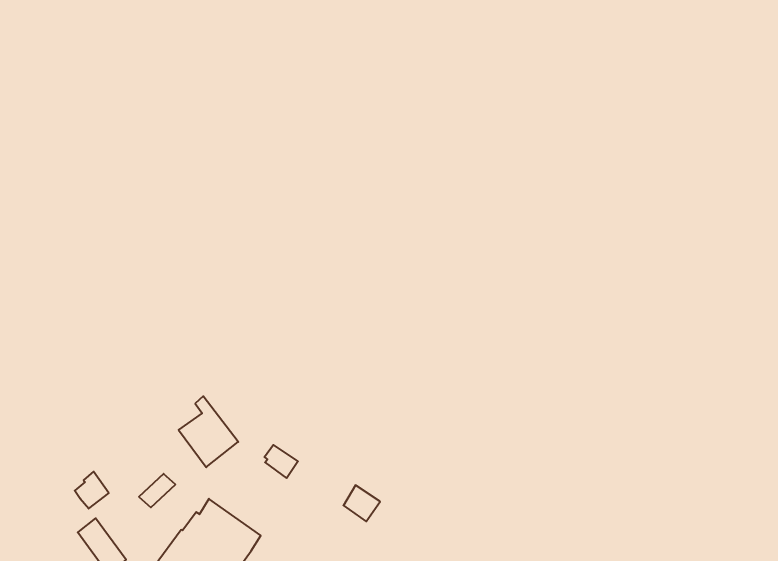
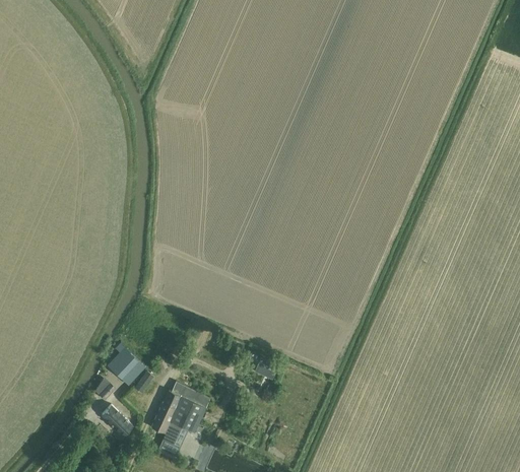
building: [179,396,238,467] -> [109,344,145,386]

